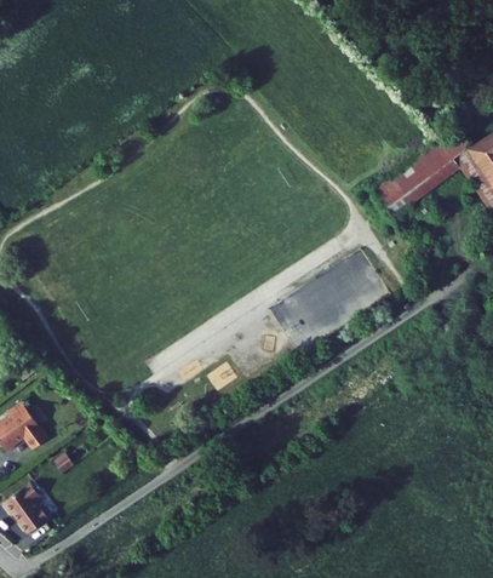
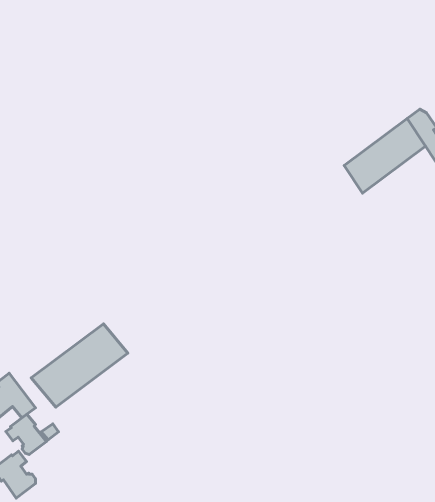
building: none -> [31,324,128,407]
building: none -> [6,414,47,454]

